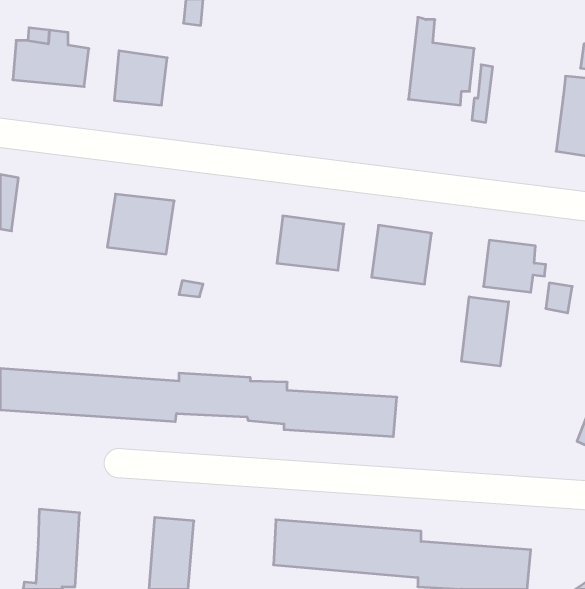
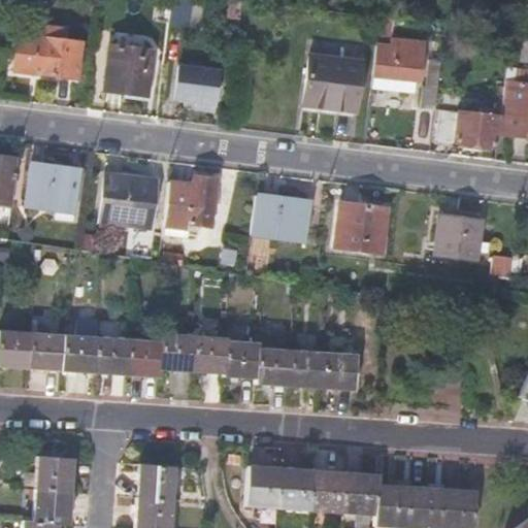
building: none -> [306,56,364,112]
building: none -> [176,65,223,111]
building: none -> [439,86,507,147]
building: none -> [27,163,81,222]
building: none -> [165,176,218,237]
building: [462,297,509,366] -> none

